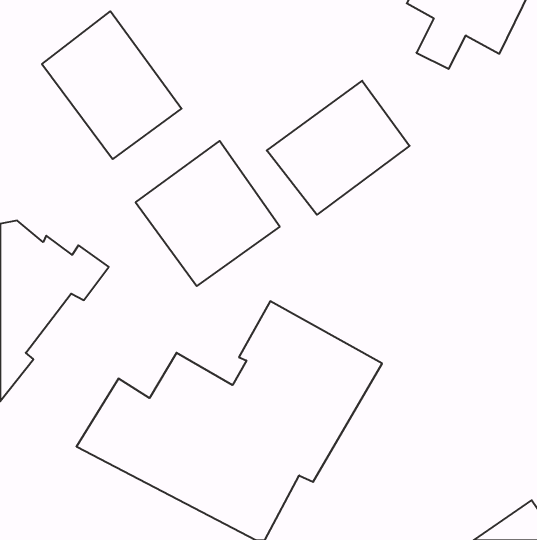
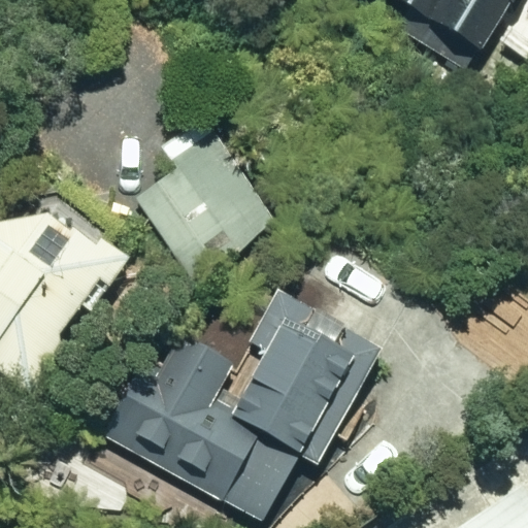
building: [42,11,182,159] -> none
building: [267,81,410,215] -> none

